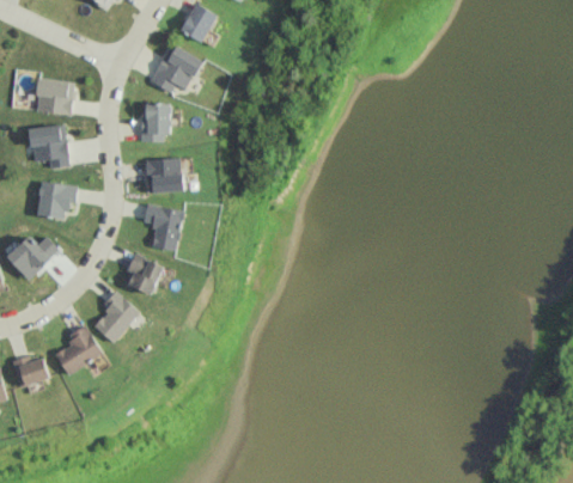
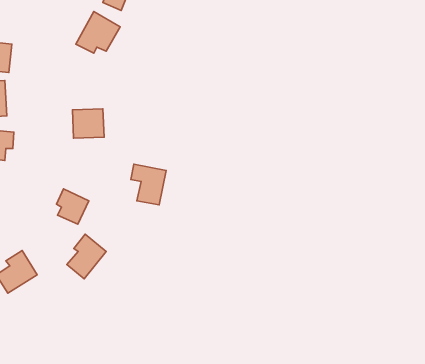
building: [140,103,167,142] -> none
building: [142,203,184,251] -> [131,164,166,205]
building: [93,291,140,343] -> [67,234,106,279]

